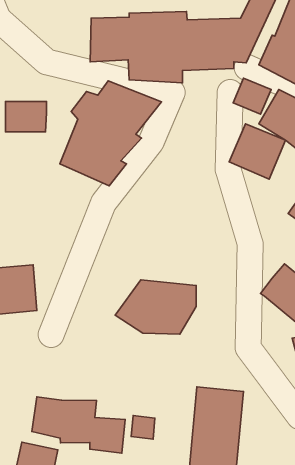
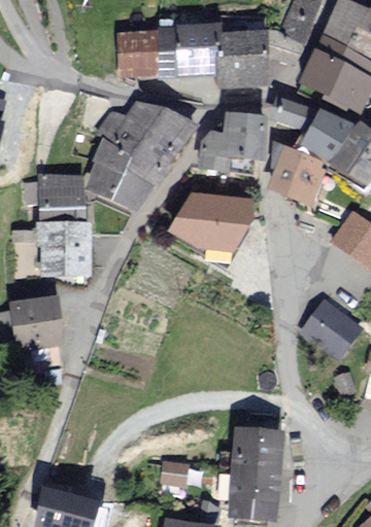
building: none -> [195,112,266,174]
building: [6,101,46,132] -> [40,175,85,208]
building: none -> [36,222,91,279]
building: [115,280,196,334] -> [164,192,251,251]
building: [32,397,125,453] -> none

